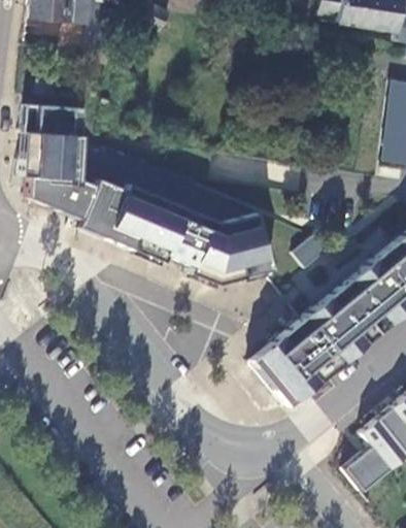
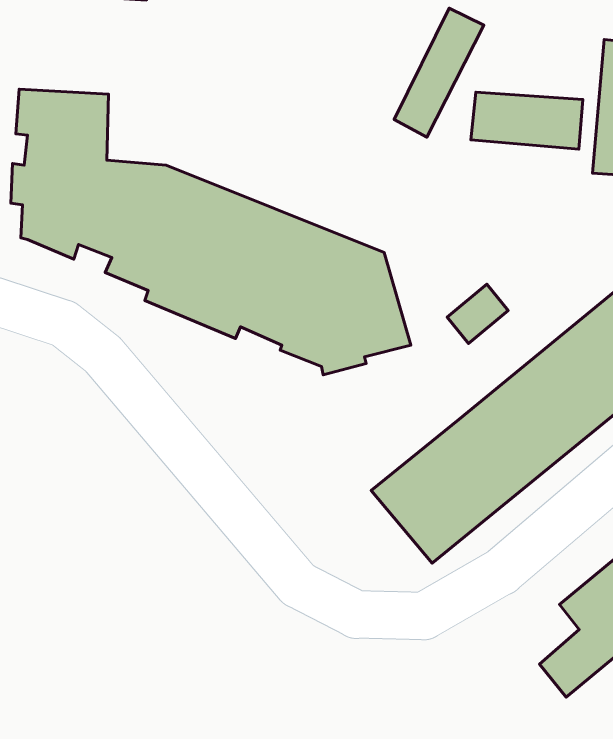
building: none -> [394,8,484,137]
building: none -> [471,92,583,149]

